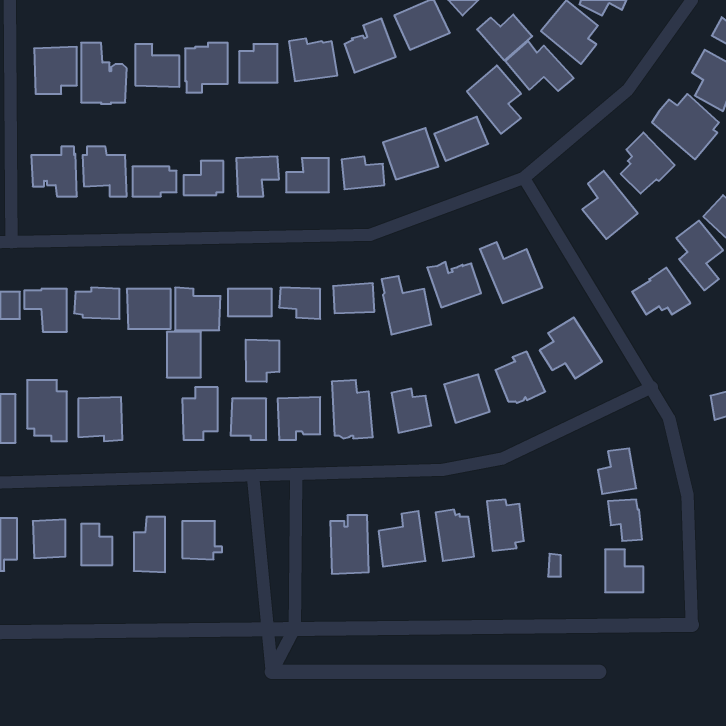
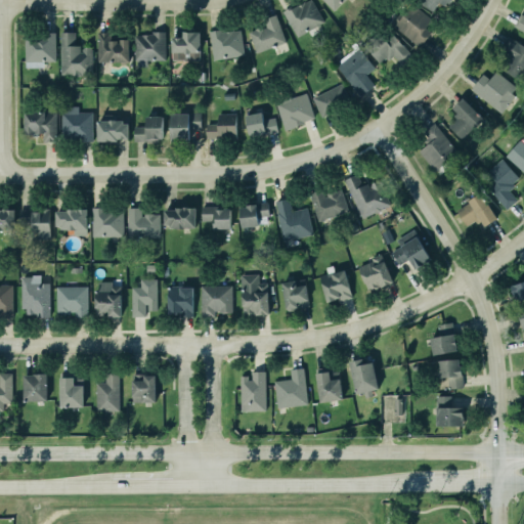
building: [477,14,532,60] -> none
building: [167,332,201,377] -> [97,285,122,317]
building: [246,340,279,382] -> none

